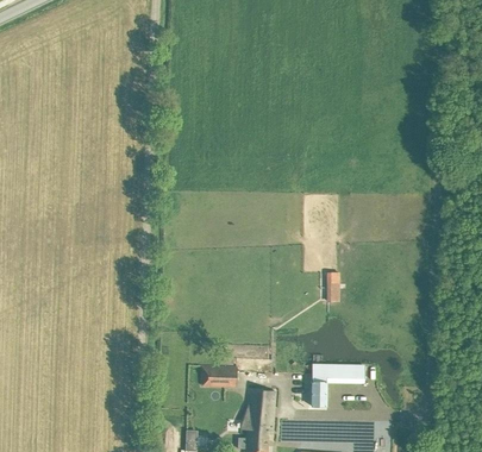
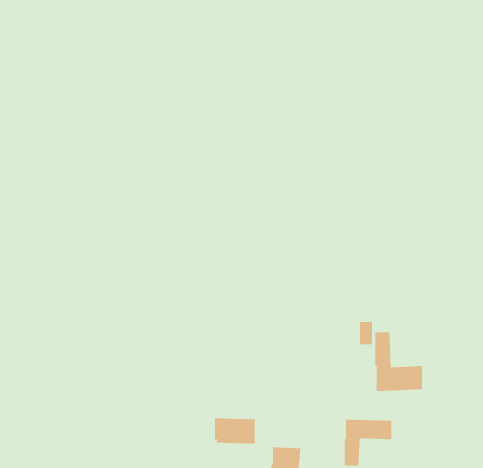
building: none -> [375,331,422,392]

